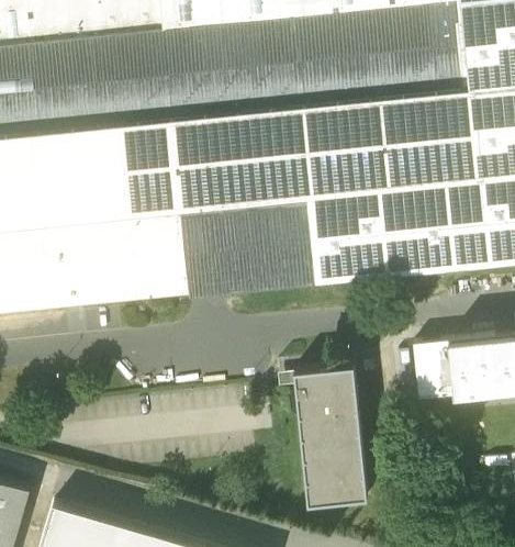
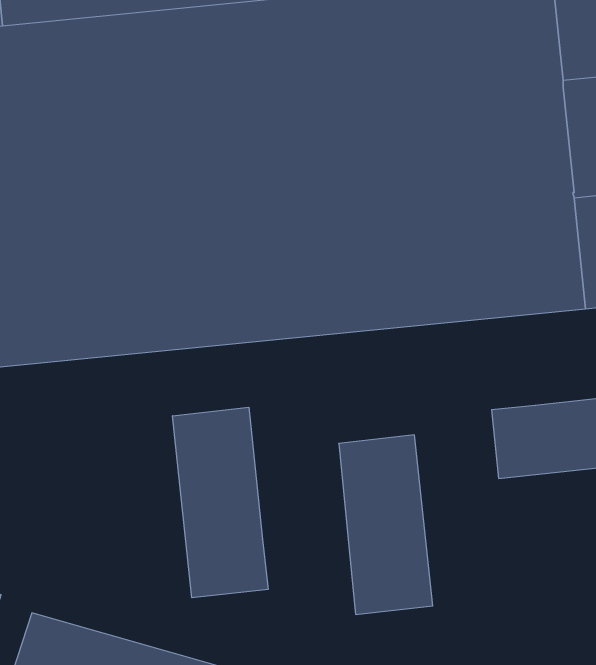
building: none -> [173,407,268,598]

